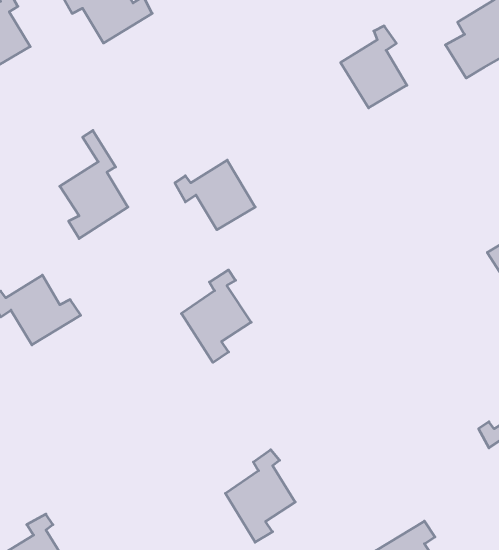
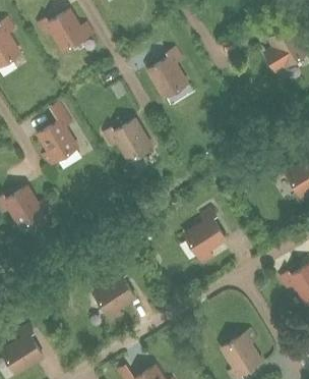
building: [341,26,407,108] -> [147,48,186,96]
building: [181,270,251,362] -> [184,208,225,262]
building: [225,450,295,542] -> [94,266,134,320]

